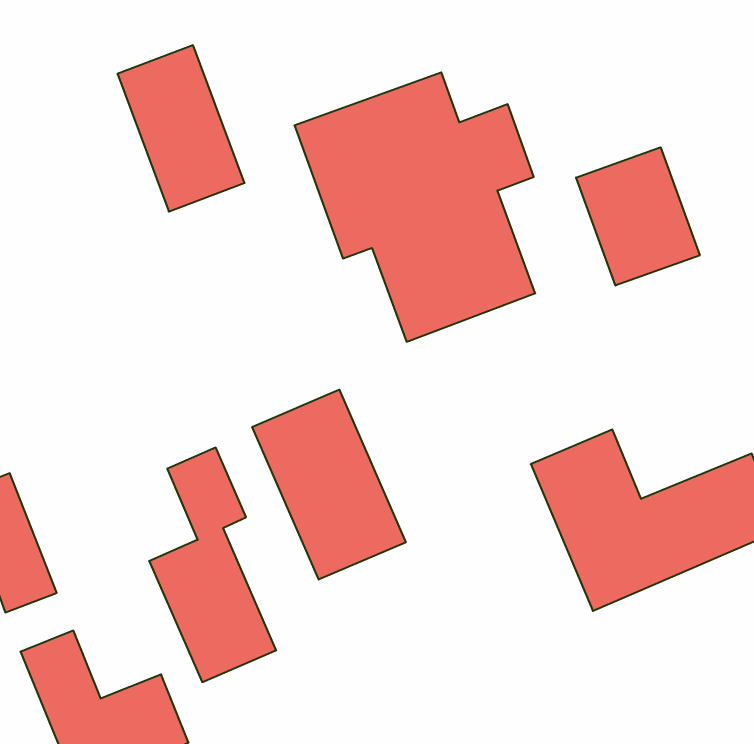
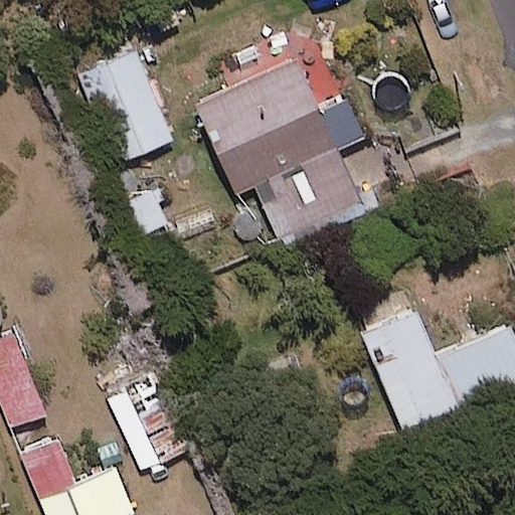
building: [576,147,700,286] -> none
building: [252,390,406,580] -> none

